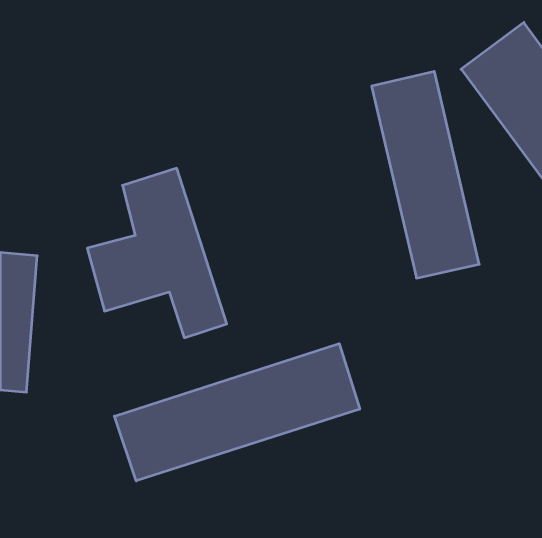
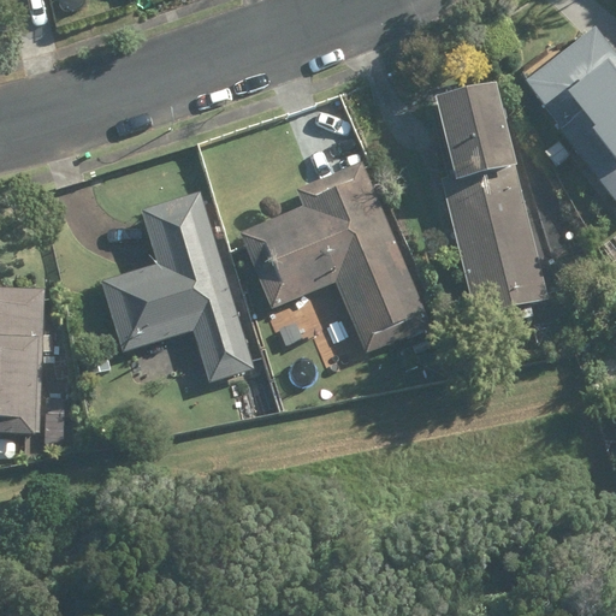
building: none -> [244,162,437,384]
building: [114,344,360,481] -> none

